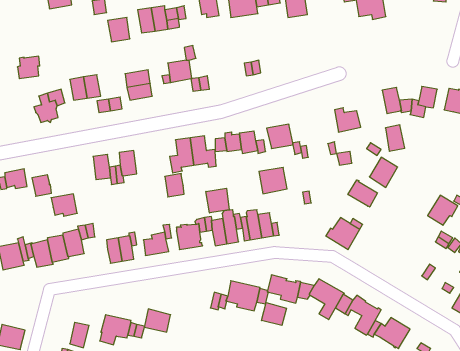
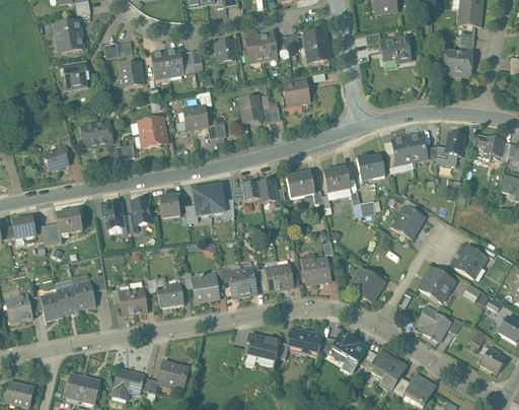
building: none -> [443,49,472,75]
building: none -> [283,80,309,104]
building: none -> [240,95,262,121]
building: [17,56,40,79] -> [64,62,87,85]
building: none -> [322,166,350,192]
building: [385,125,405,151] -> [391,136,412,163]
building: [259,167,287,194] -> [301,258,330,285]
building: [165,174,184,197] -> [159,194,179,218]
building: [348,180,377,207] -> none
building: [206,188,229,213] -> none
building: [51,194,77,216] -> [55,210,82,233]
building: none -> [418,267,453,301]
building: none -> [420,306,450,342]
building: [262,302,286,325] -> none
building: none -> [65,374,85,401]

